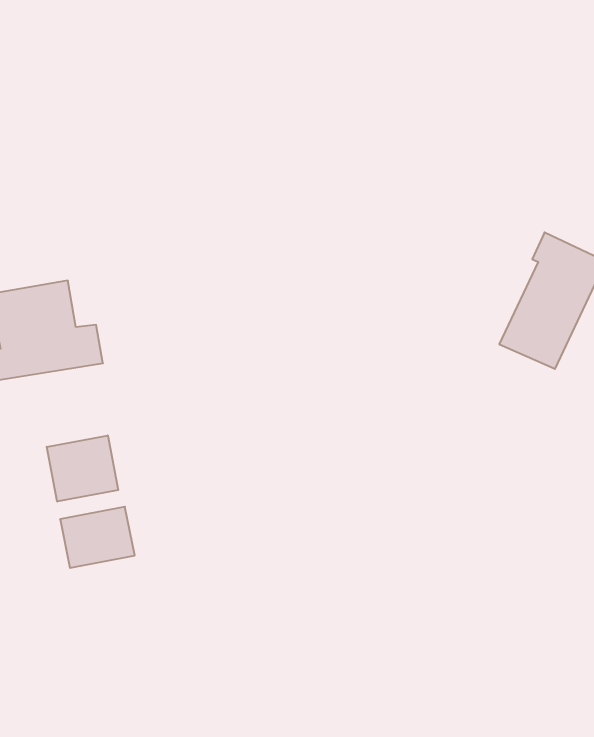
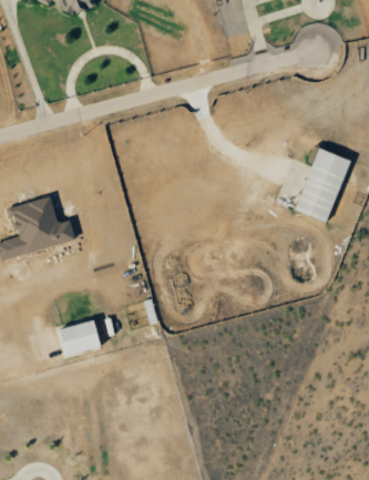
building: [47,435,118,502] -> none

